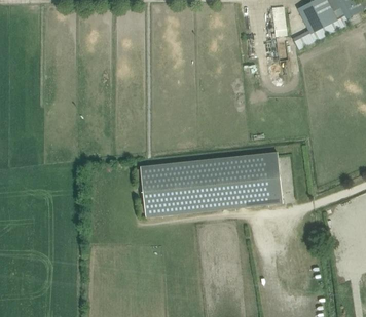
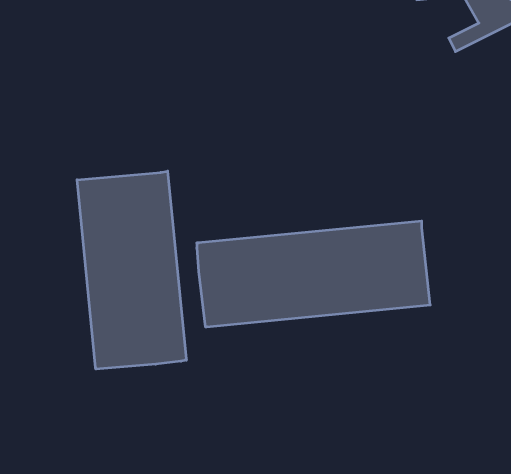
building: none -> [77,171,186,369]

